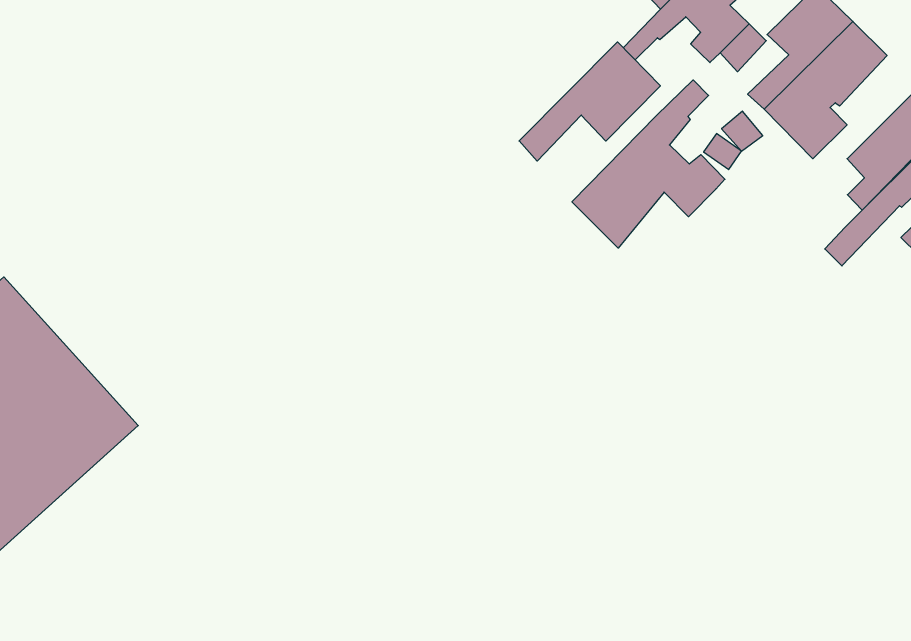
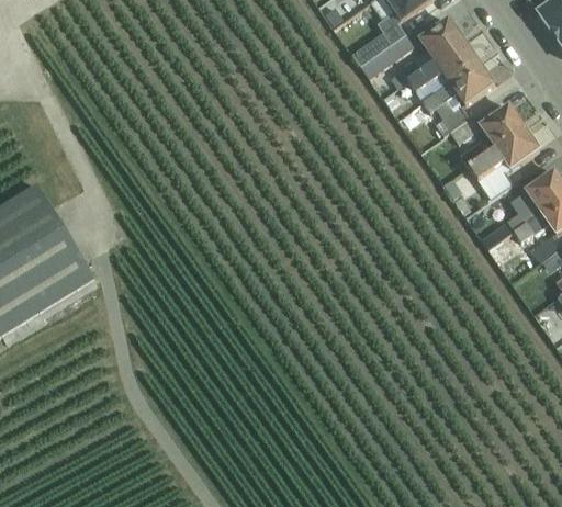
building: [519,42,660,161] -> none
building: [572,80,725,248] -> none

